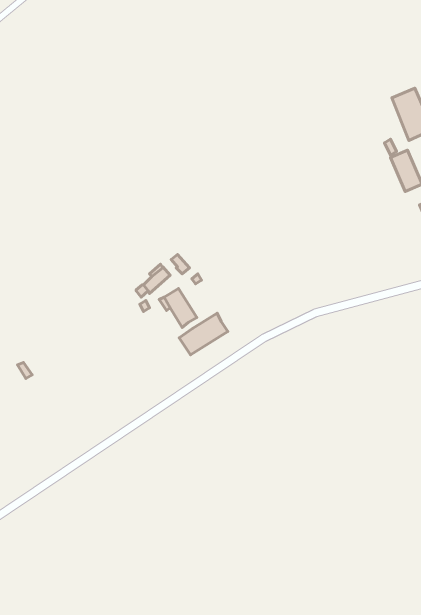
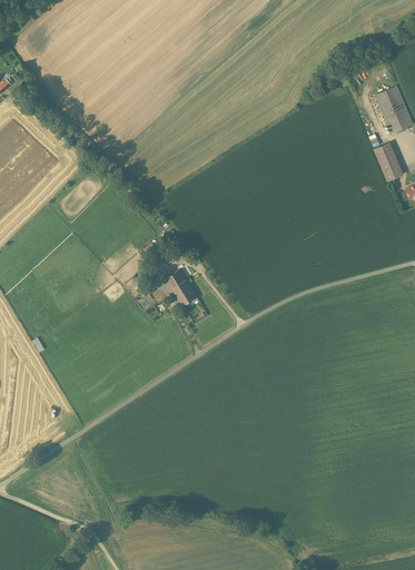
building: [179,313,228,355] -> none

